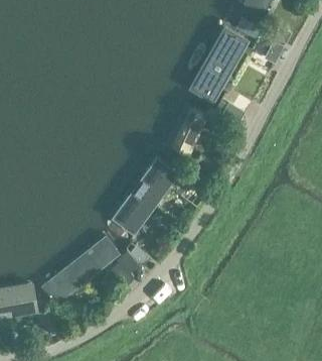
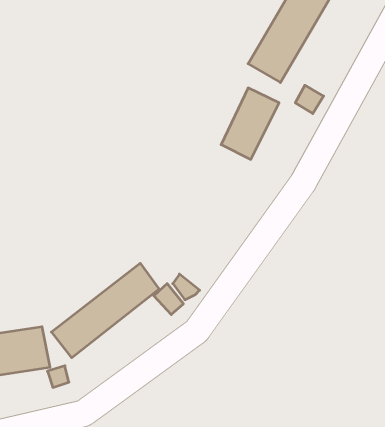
building: [111,156,182,241] -> none

